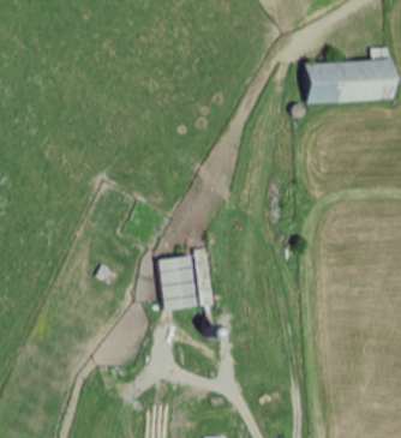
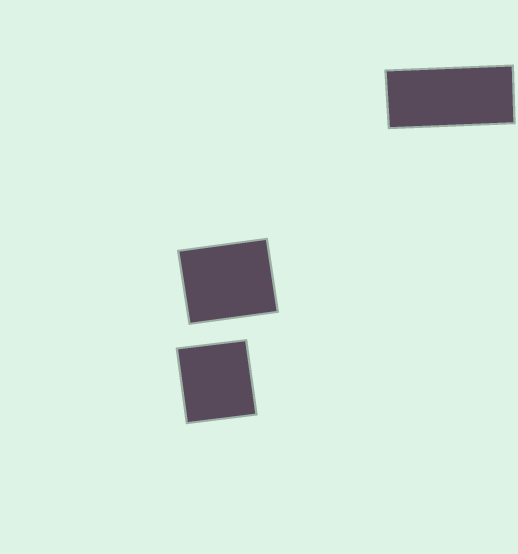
building: none -> [178,239,278,324]

